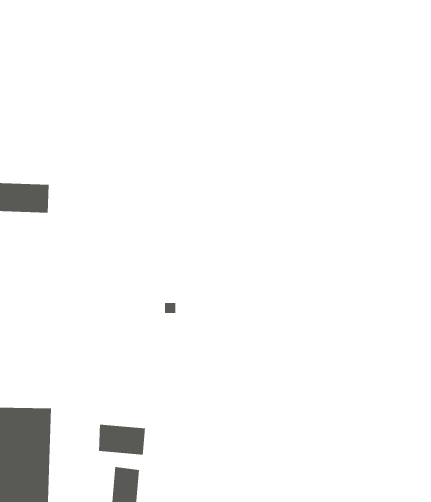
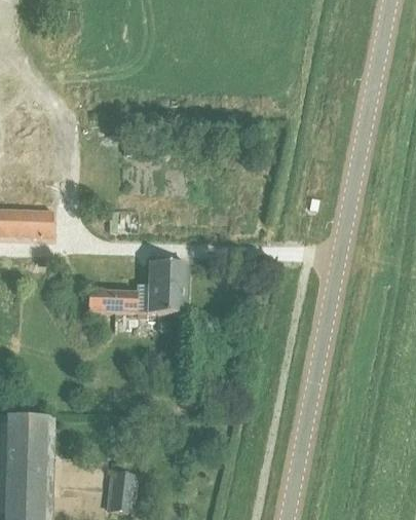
building: none -> [86,262,186,313]
building: [98,424,145,455] -> none

